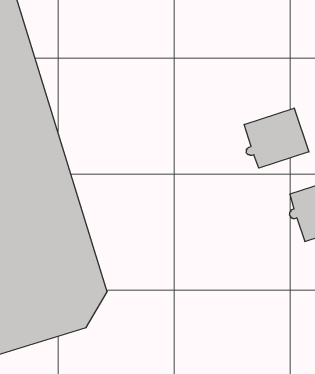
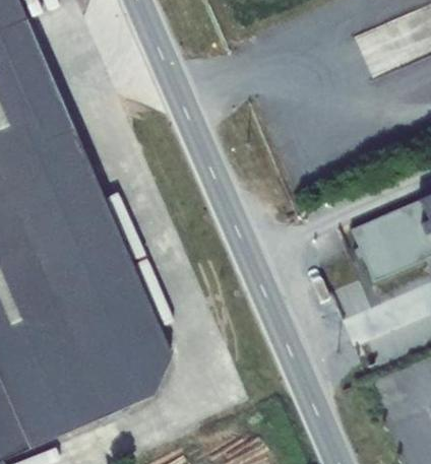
building: [244,108,309,168] -> none

